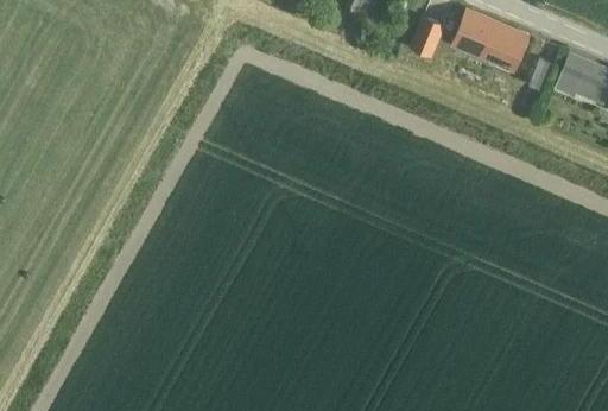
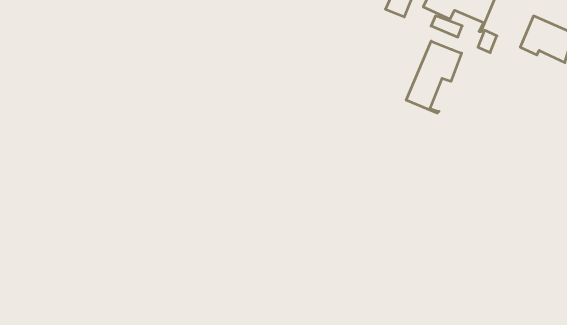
building: none -> [406,41,462,113]

